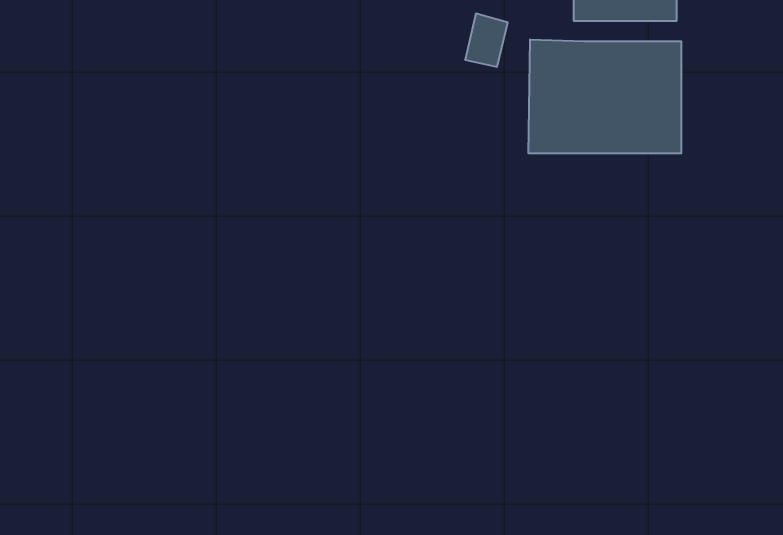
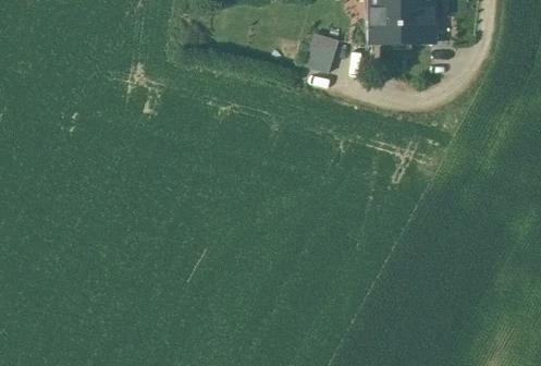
building: [529,39,681,153] -> none

